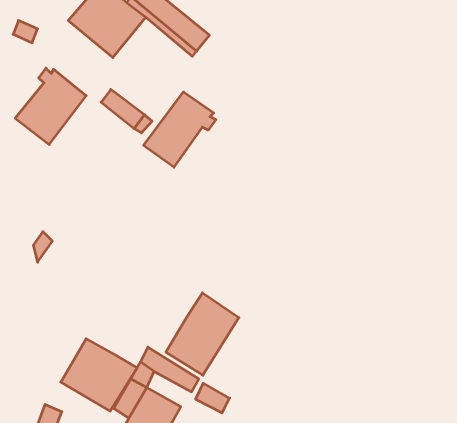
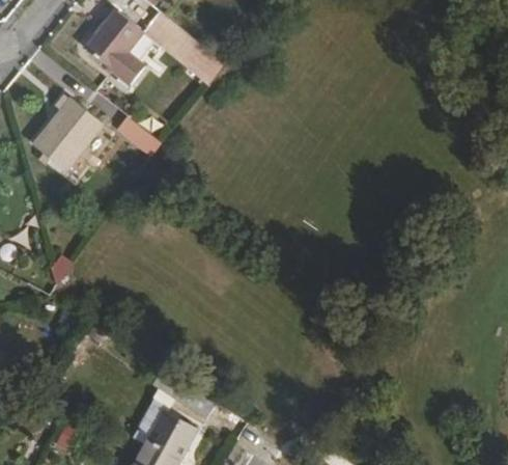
building: [144,92,216,167] -> none
building: [166,293,239,375] -> none
building: [61,339,137,411] -> none

